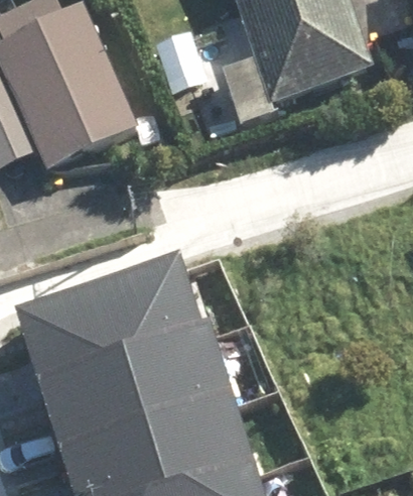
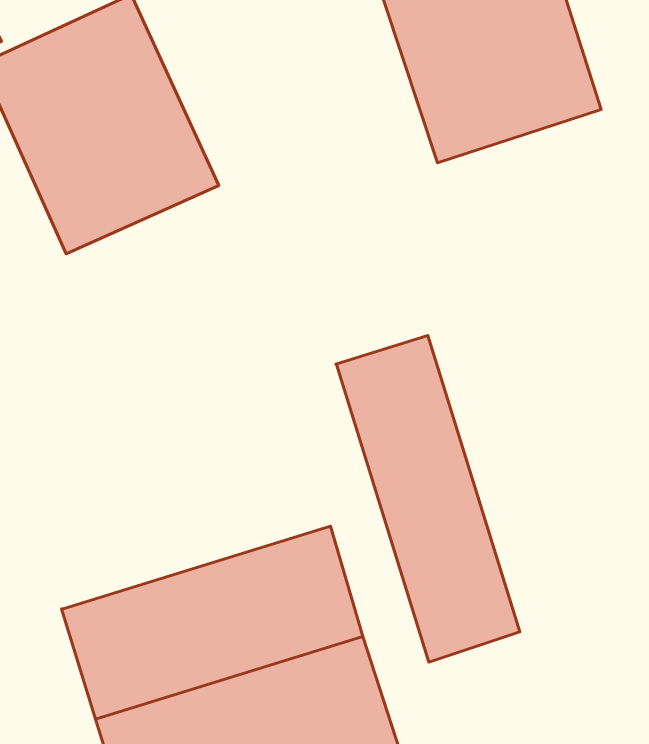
building: none -> [336,336,520,662]
building: [19,267,206,386] -> none

